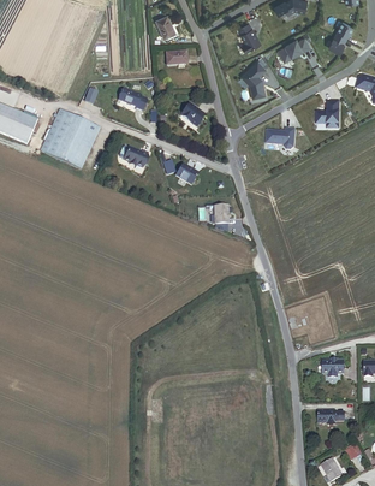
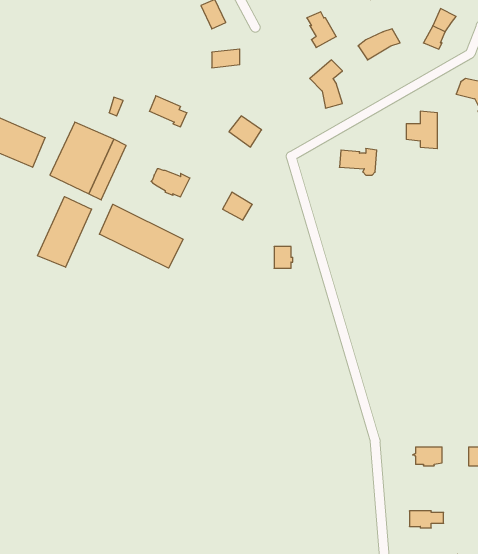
building: none -> [37,197,92,267]
building: none -> [99,204,183,268]

